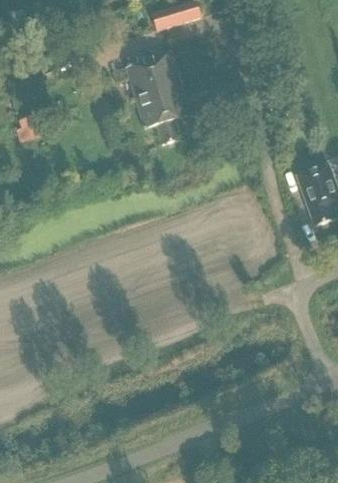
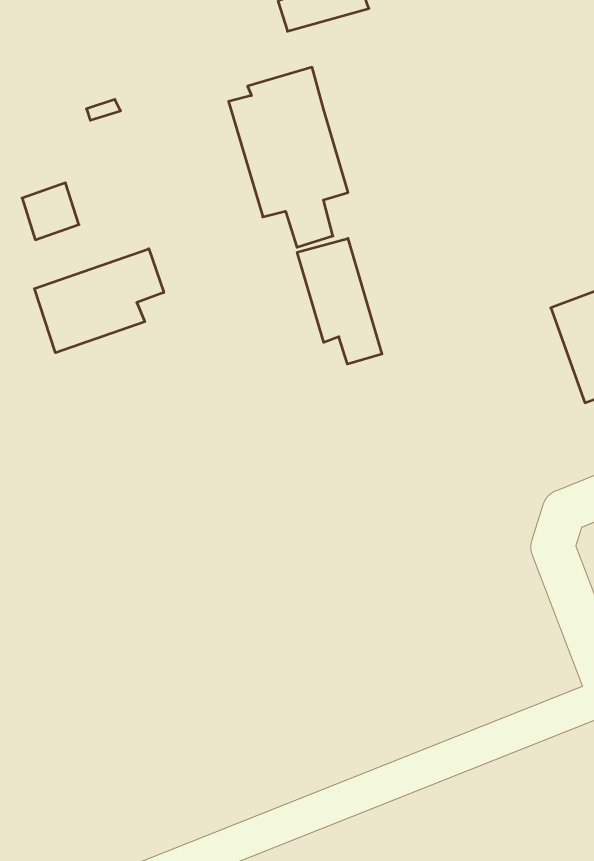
building: none -> [297,238,382,364]
building: none -> [34,249,164,353]

